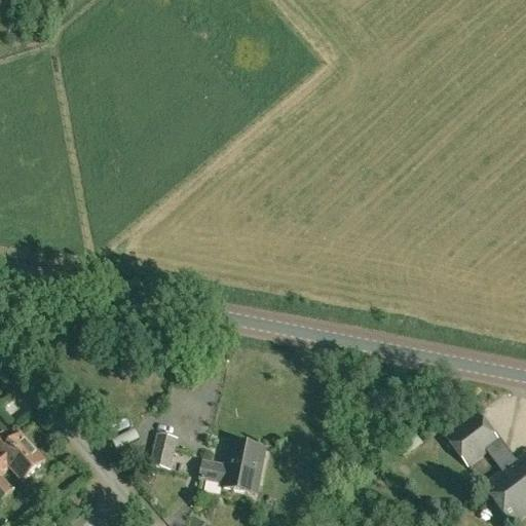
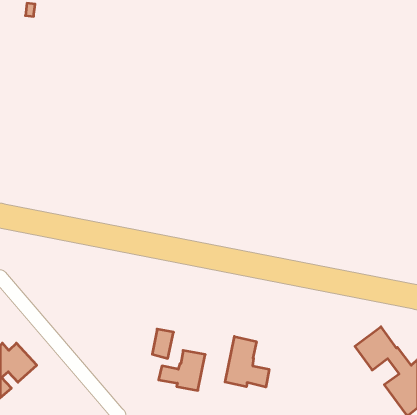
building: none -> [225,336,269,387]
building: [152,433,179,469] -> [152,329,174,358]

